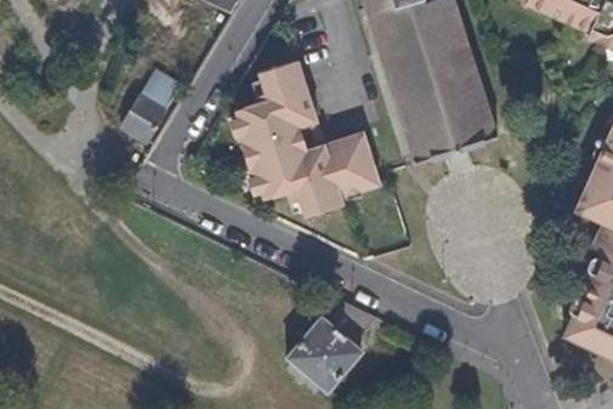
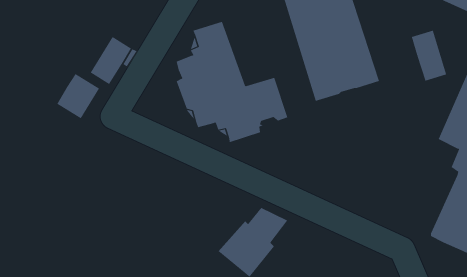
building: none -> [411,30,447,82]
building: none -> [56,73,100,119]

